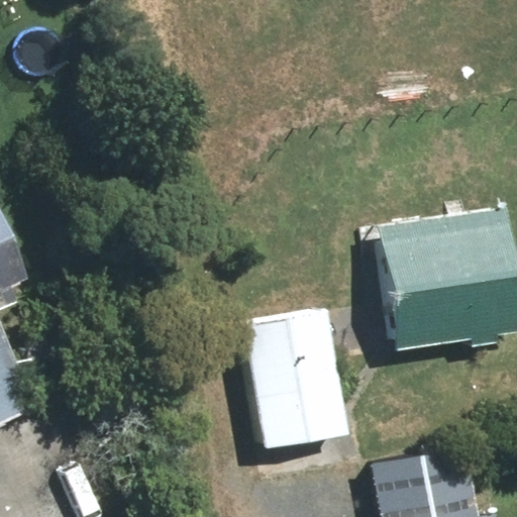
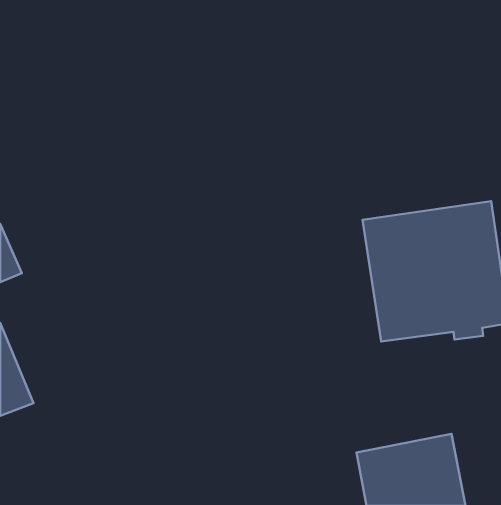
building: [241,310,347,449] -> none

